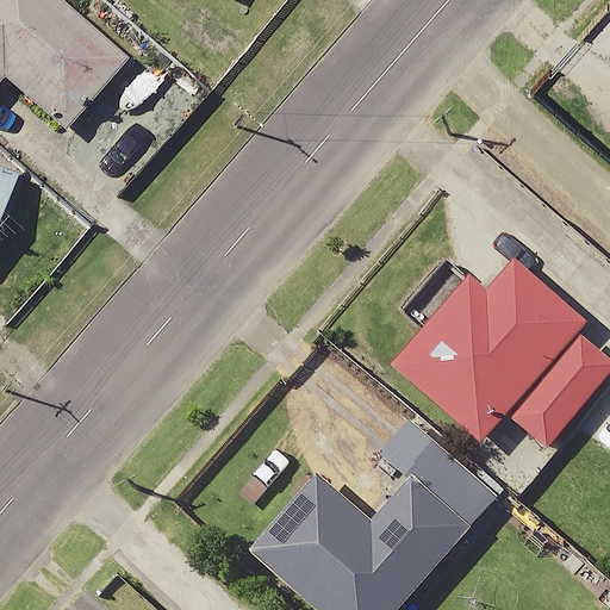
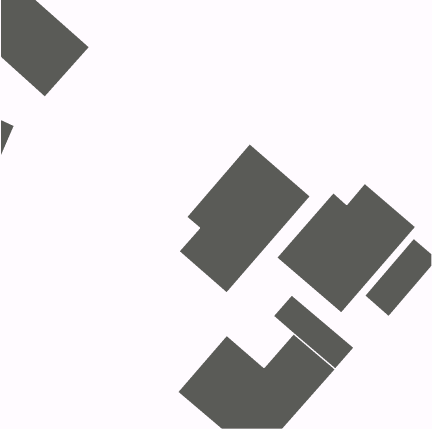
building: none -> [179,143,310,293]

